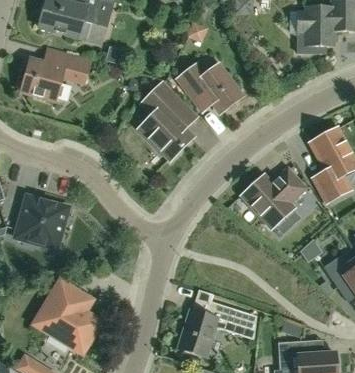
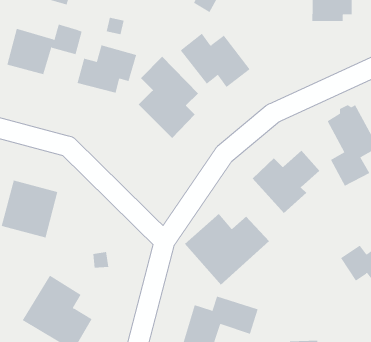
building: none -> [77,45,137,93]
building: none -> [184,213,270,286]

